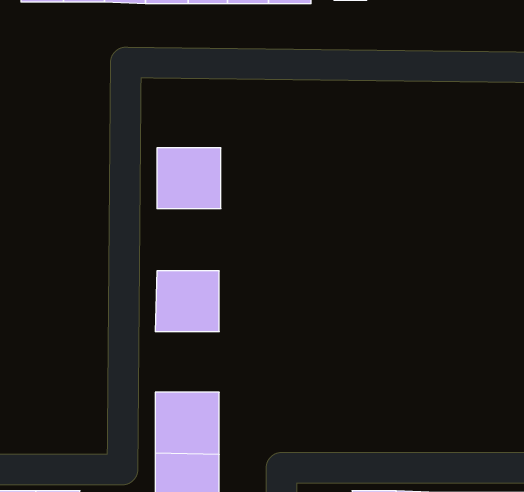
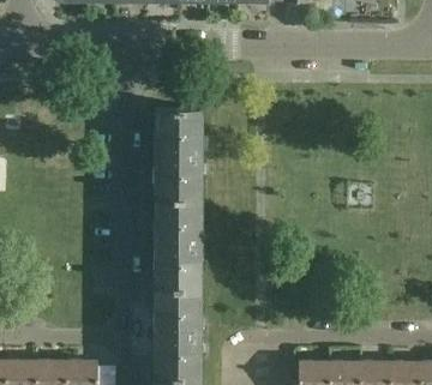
building: none -> [155,154,202,199]
building: none -> [154,243,200,288]

